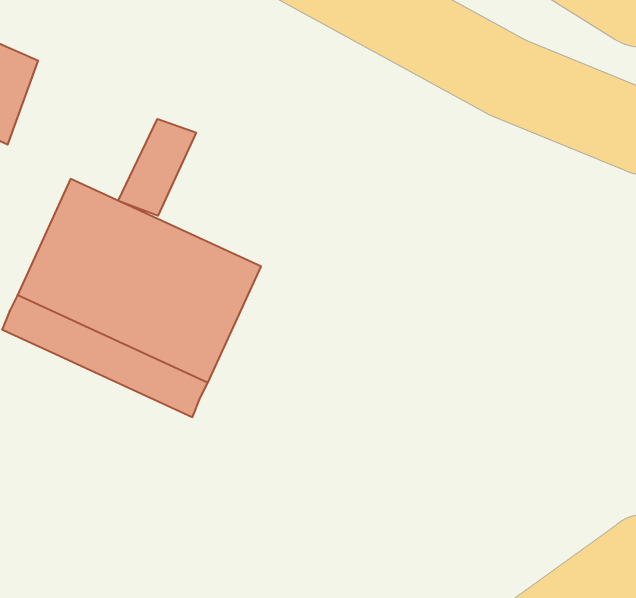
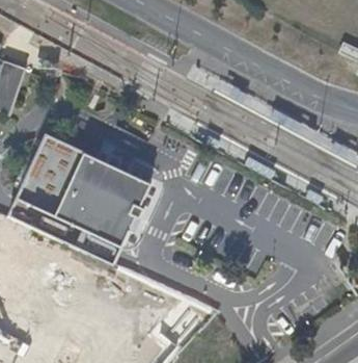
building: [118,119,196,216] -> none

